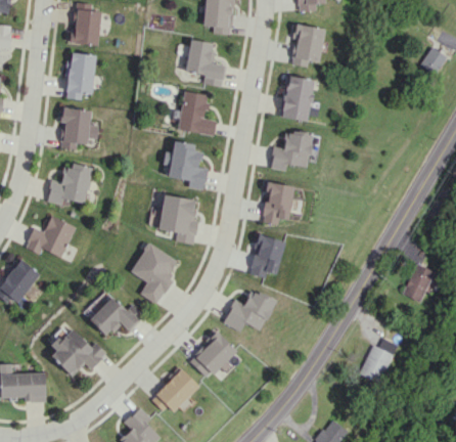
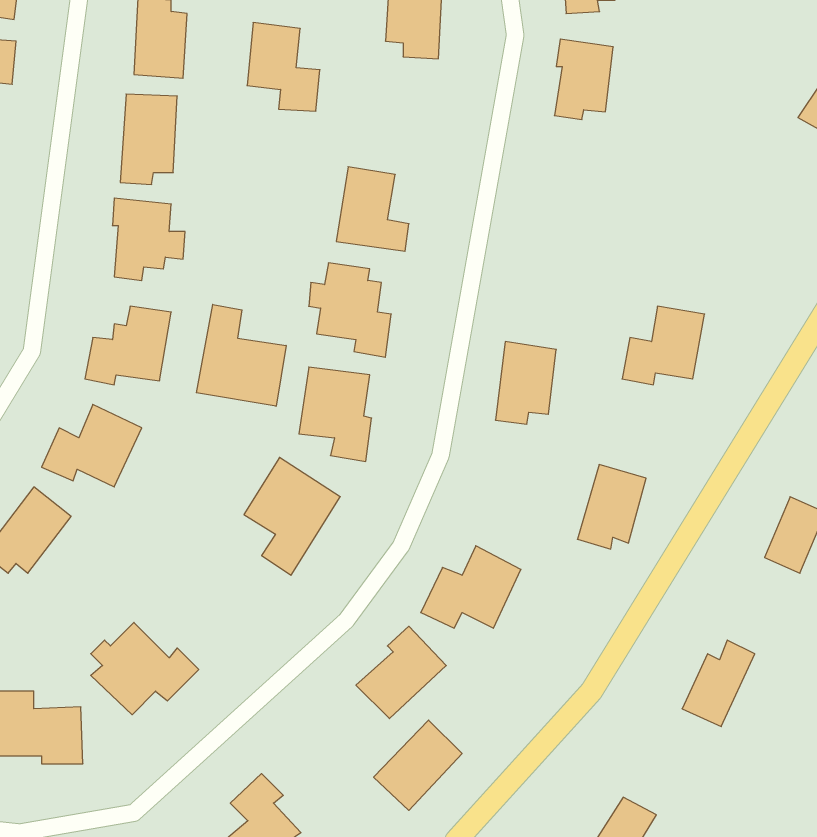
building: [186,40,224,86] -> [247,23,320,111]
building: [279,76,313,121] -> none
building: [269,130,312,171] -> [622,306,705,385]
building: none -> [196,304,286,406]
building: [247,234,283,278] -> [577,465,646,549]
building: [89,296,144,337] -> none
building: [151,368,197,415] -> [374,720,462,810]

